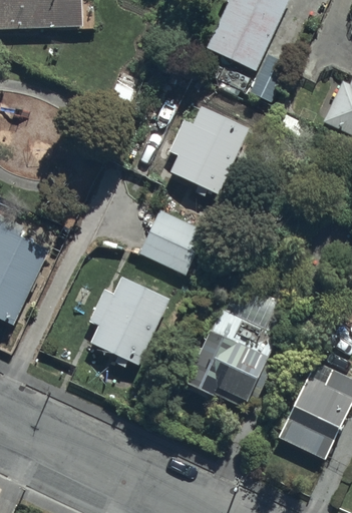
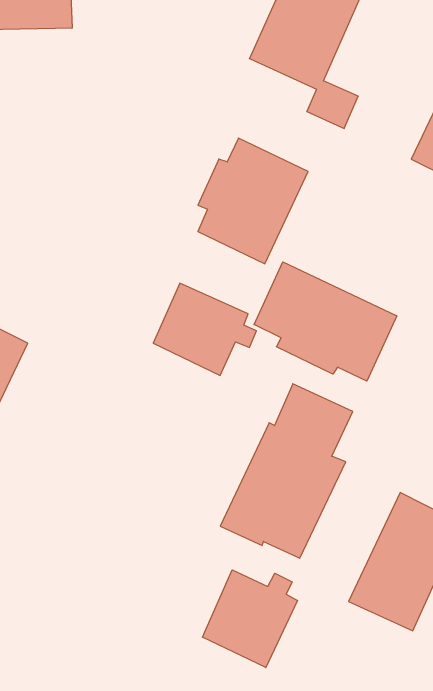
building: none -> [254,262,397,381]
building: [88,279,169,368] -> none
building: none -> [203,570,297,668]

